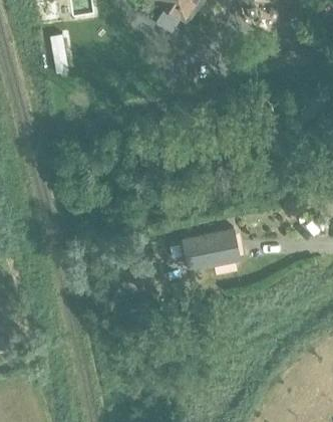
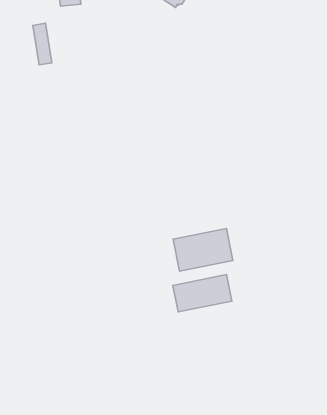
building: none -> [173,275,232,312]

